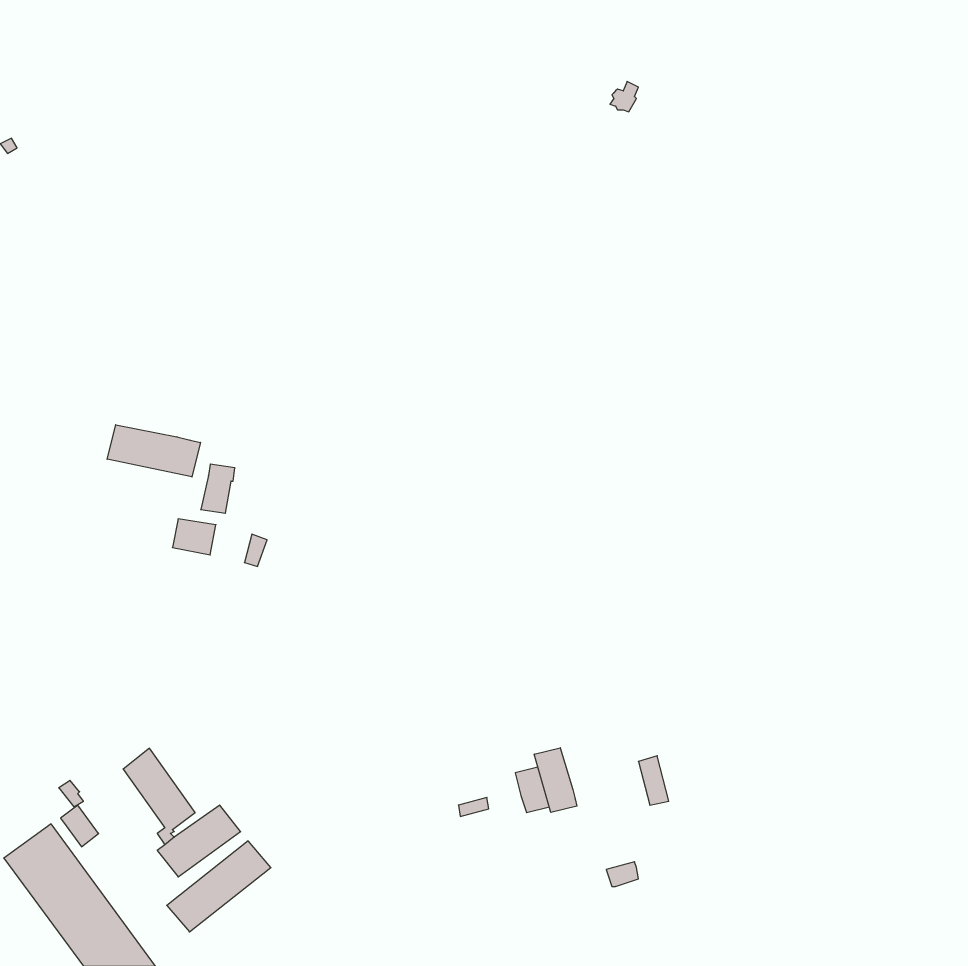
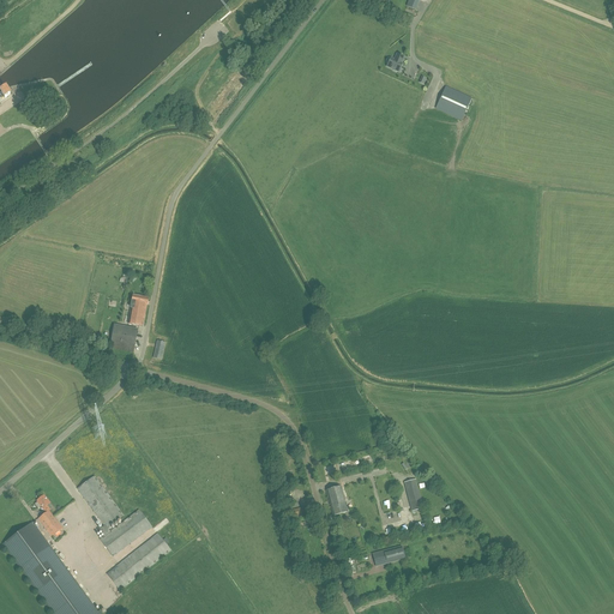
building: none -> [435,85,471,119]
building: [107,425,200,477] -> none
building: [534,748,577,812] -> none

